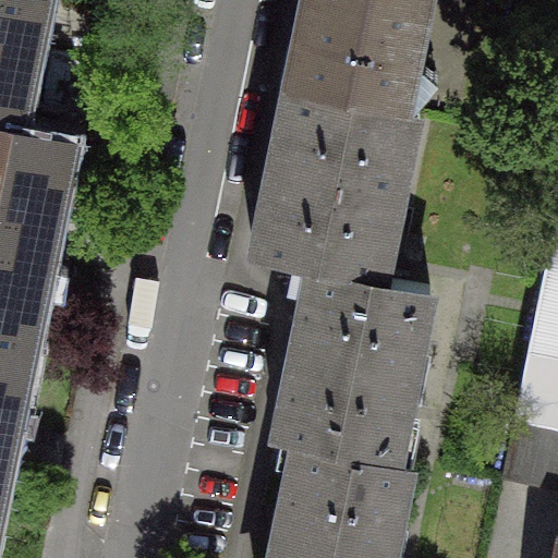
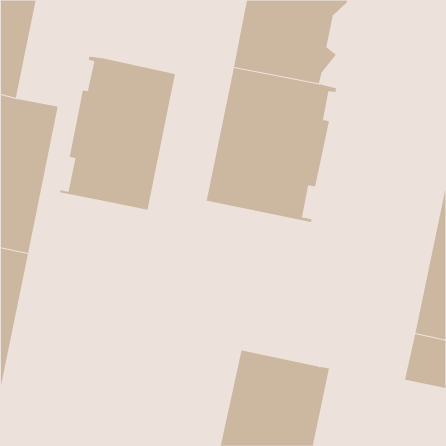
building: none -> [60,56,176,210]
building: [281,263,434,458] -> none

